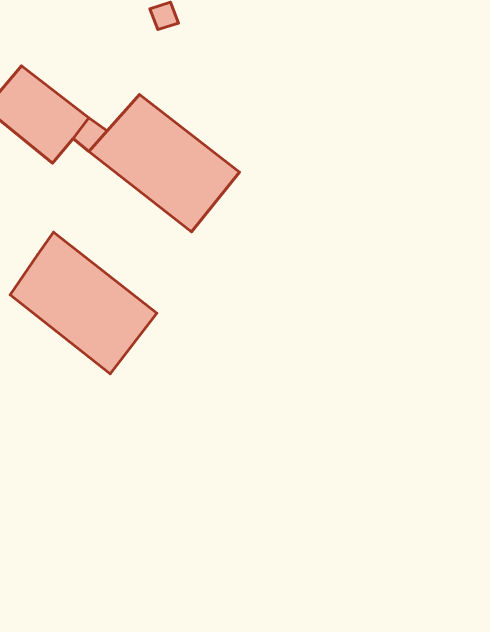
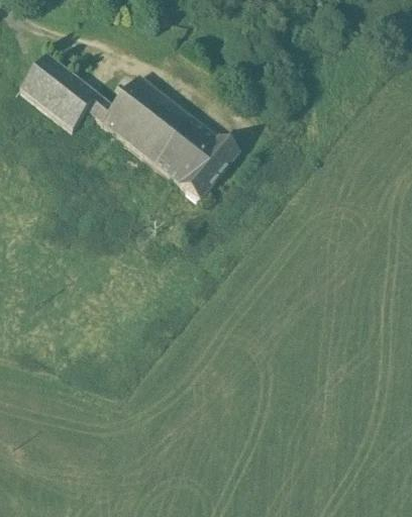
building: none -> [179,133,237,199]
building: [10,232,157,374] -> none

